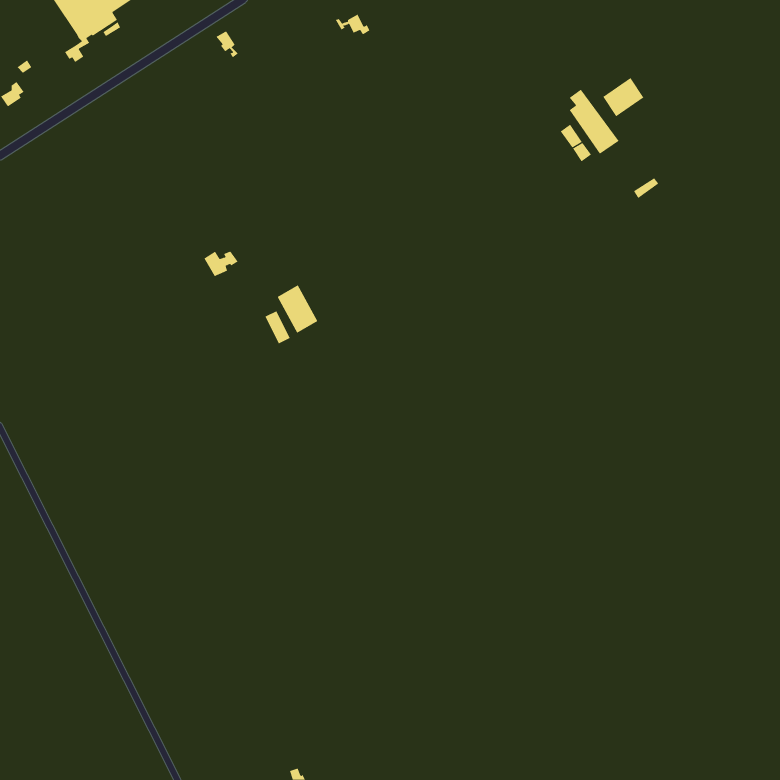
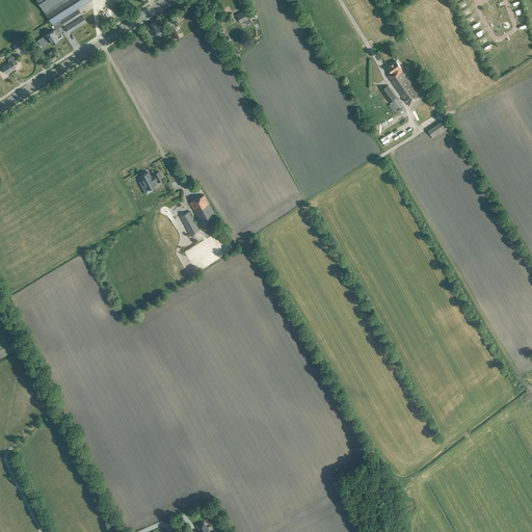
building: [602,77,644,117] -> none

